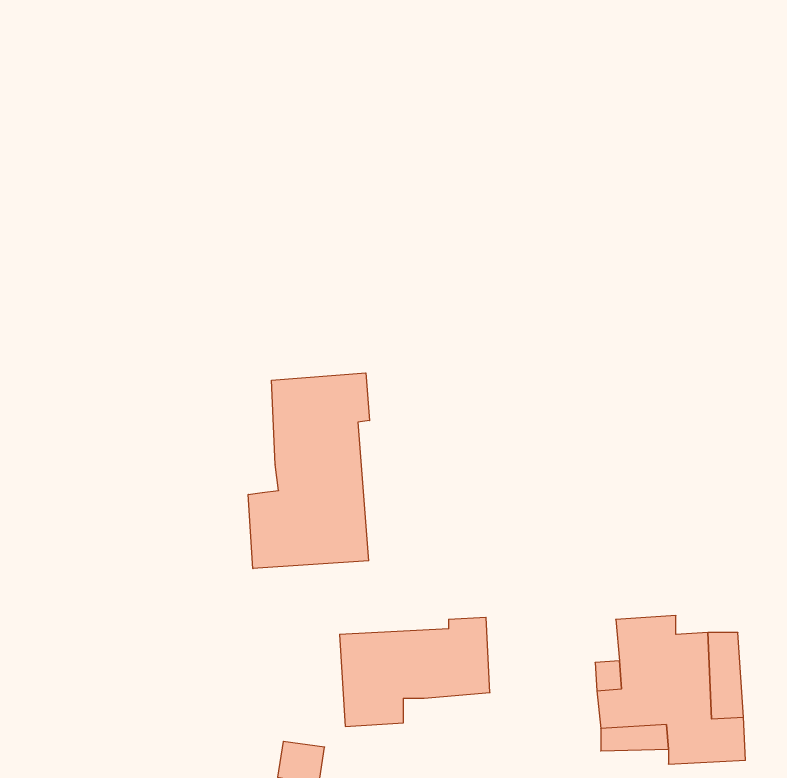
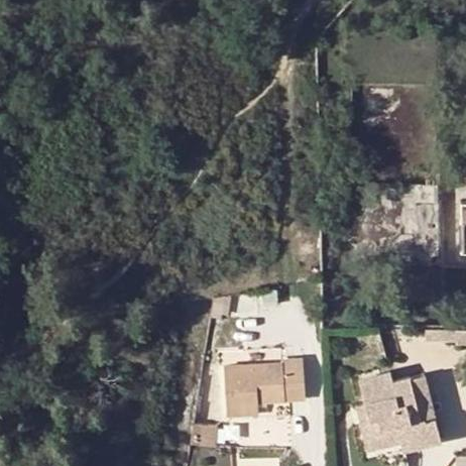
building: [248,373,370,569] -> none

